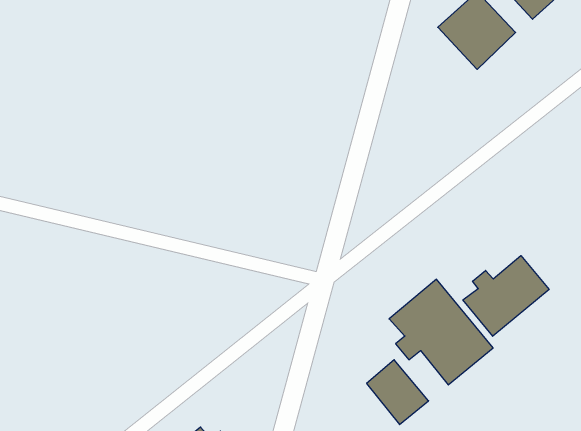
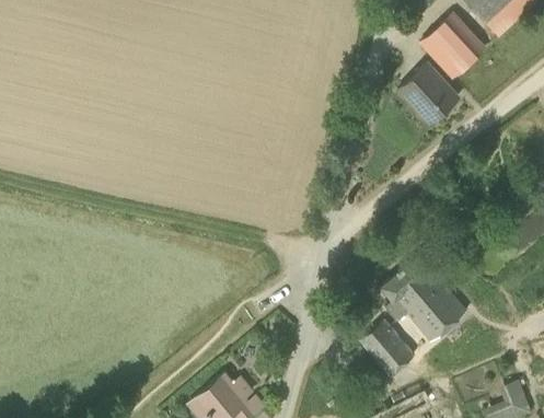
building: none -> [398,63,459,125]
building: [463,256,549,336] -> none

